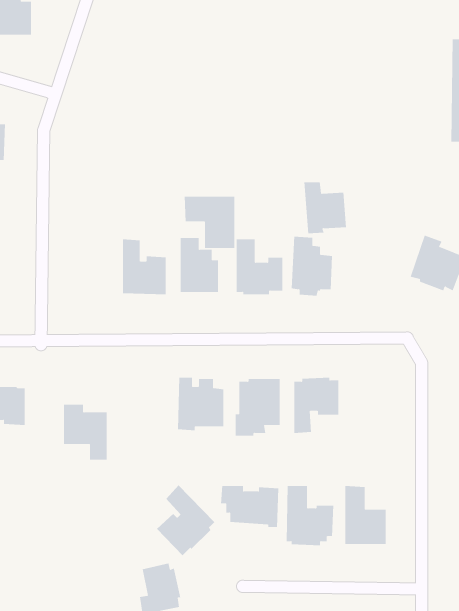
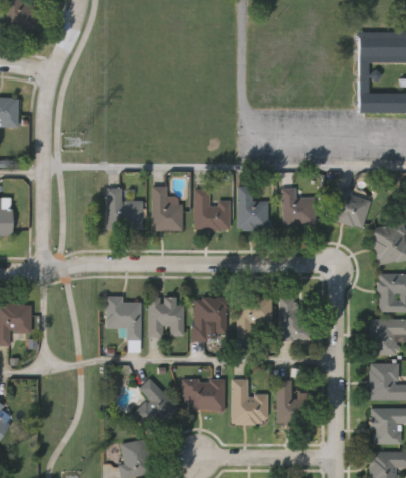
building: [304,182,347,234] -> [281,190,315,230]
building: [184,196,235,249] -> none
building: none -> [281,296,310,340]
building: [63,404,107,460] -> [107,296,141,339]

